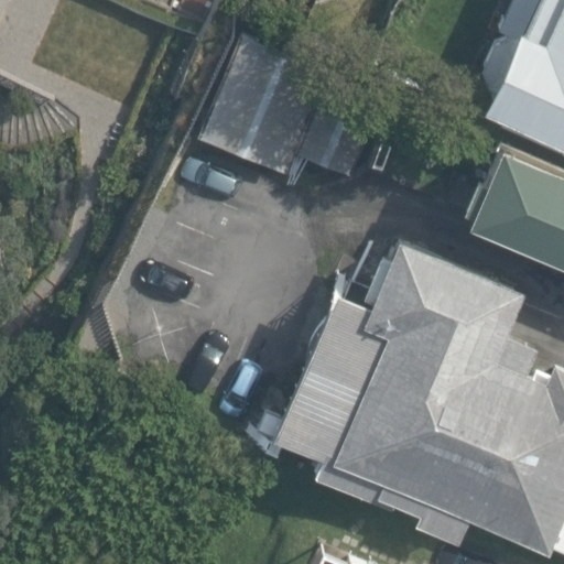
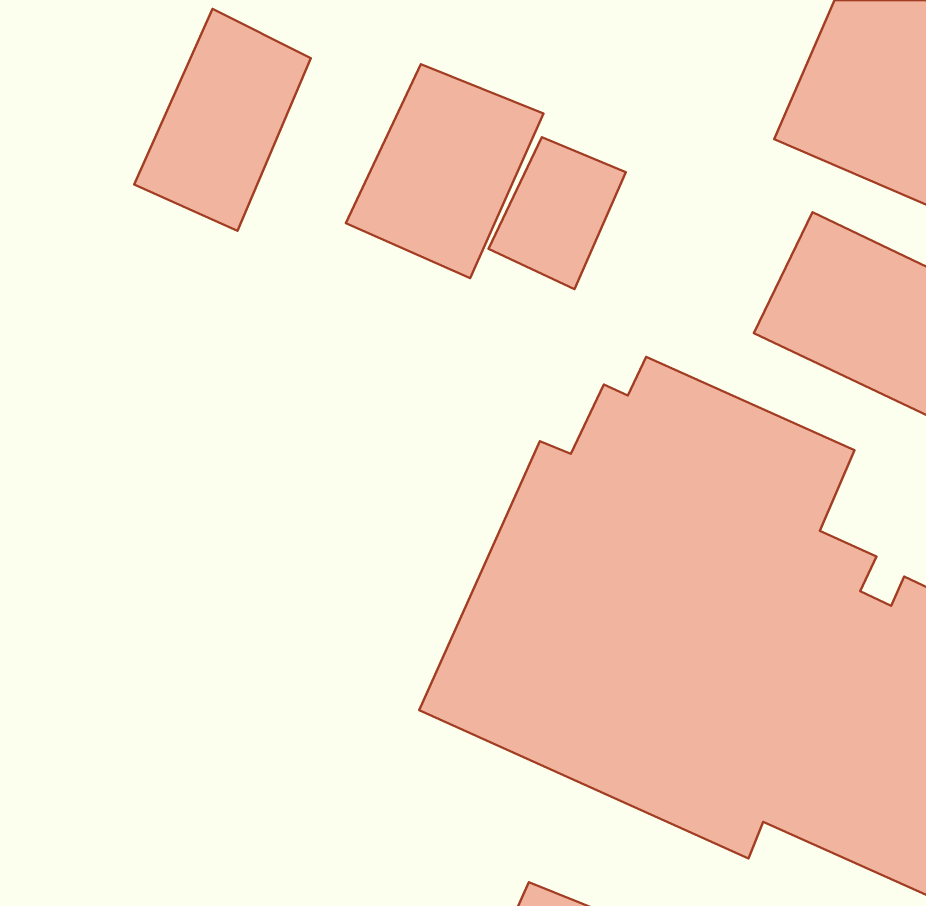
building: none -> [134,9,311,231]

